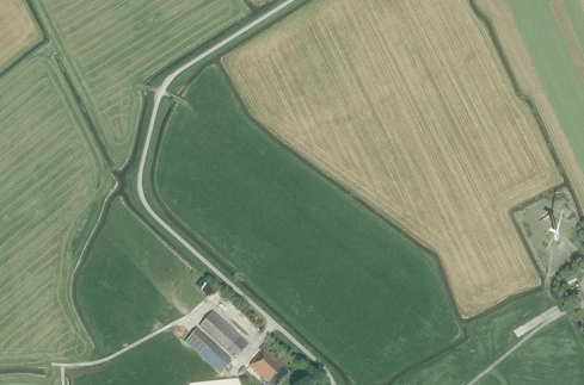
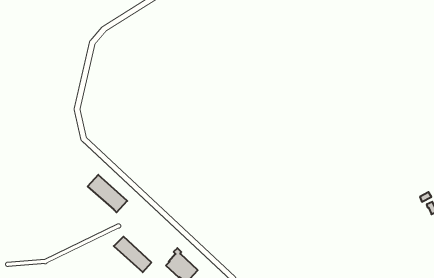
building: [199,310,248,356] -> [88,175,127,212]

